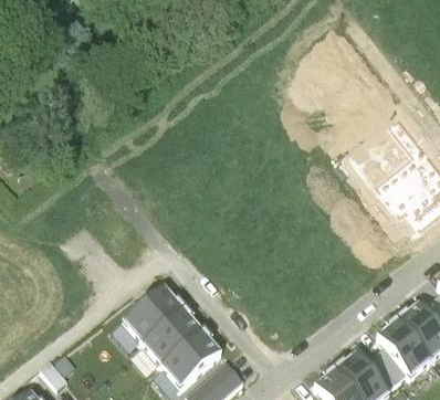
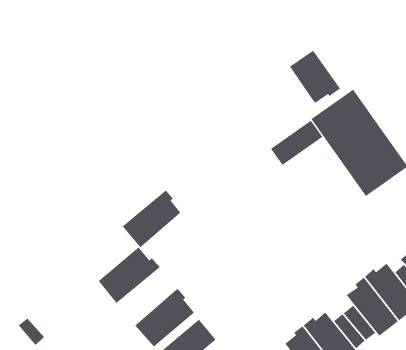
building: none -> [289,50,341,104]
building: none -> [270,120,323,166]
building: [142,305,202,365] -> [122,190,181,248]

